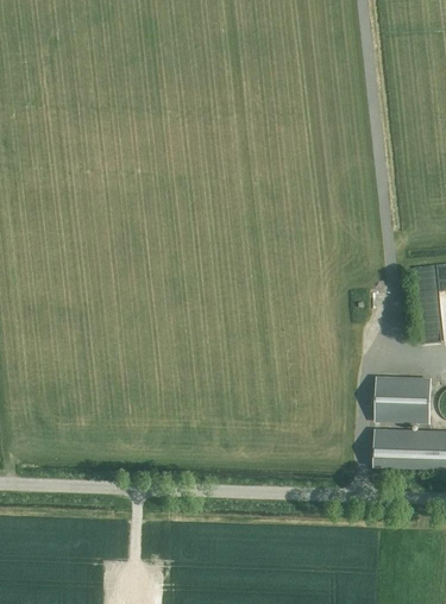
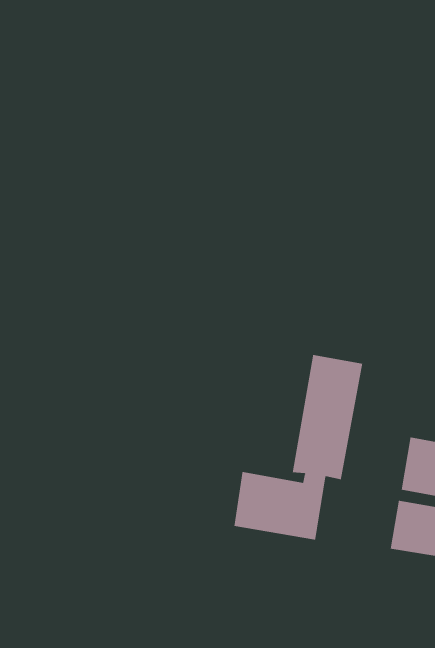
building: none -> [234,354,363,541]

